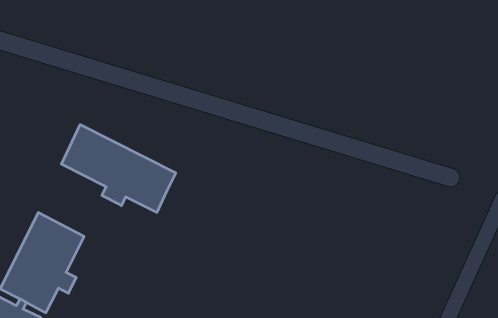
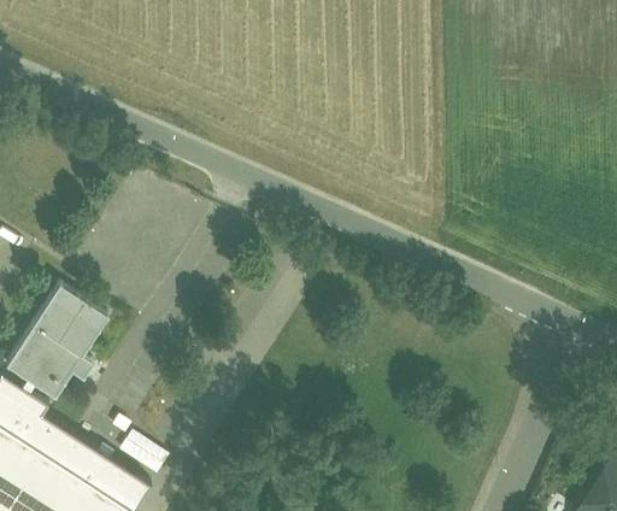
building: [61,125,176,212] -> none

